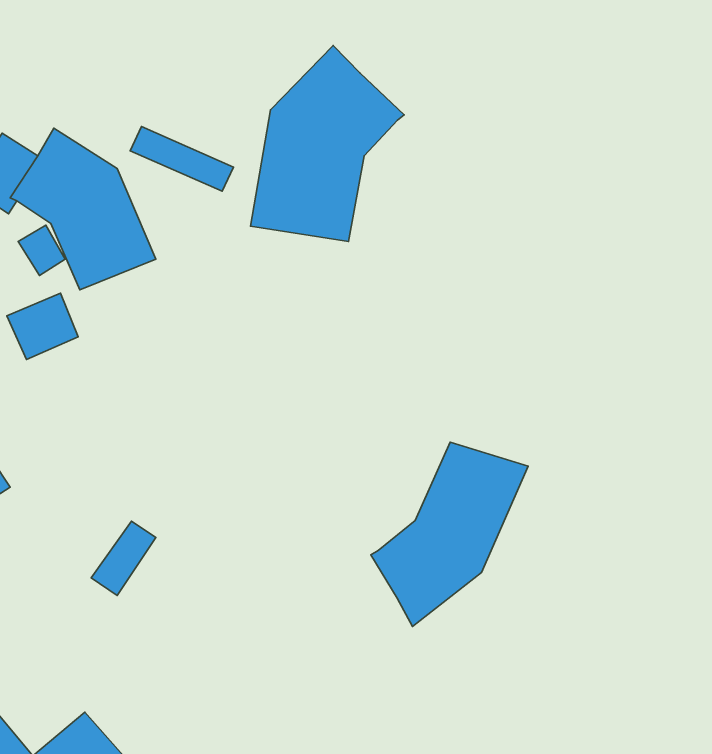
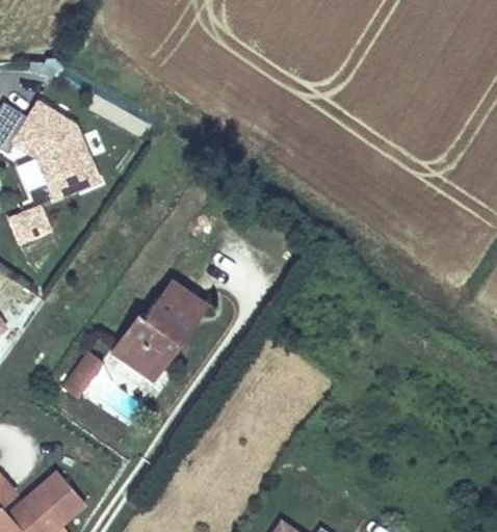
building: [251,45,404,241] -> none
building: none -> [108,276,209,382]
building: [371,442,528,627] -> none

